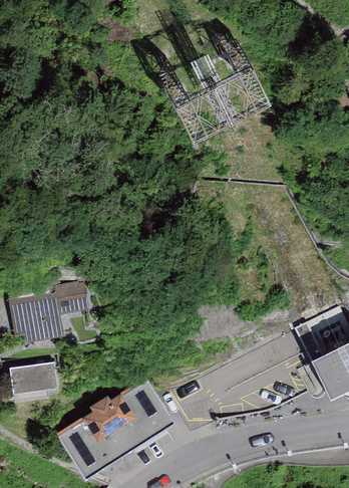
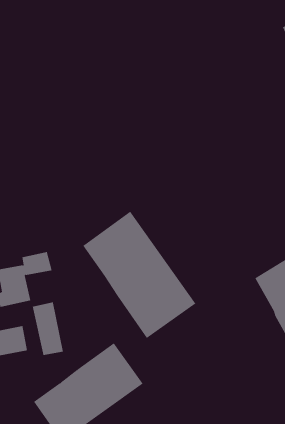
building: none -> [82,211,196,339]
building: none -> [32,301,63,356]

